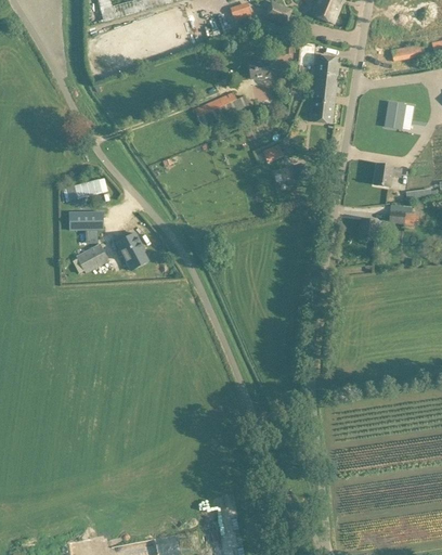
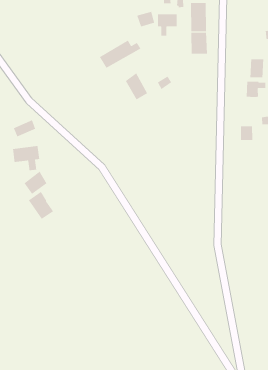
building: none -> [157,14,178,37]
building: [385,101,406,128] -> [249,58,264,78]
building: none -> [125,72,148,101]
building: [117,232,148,269] -> [28,191,54,220]

